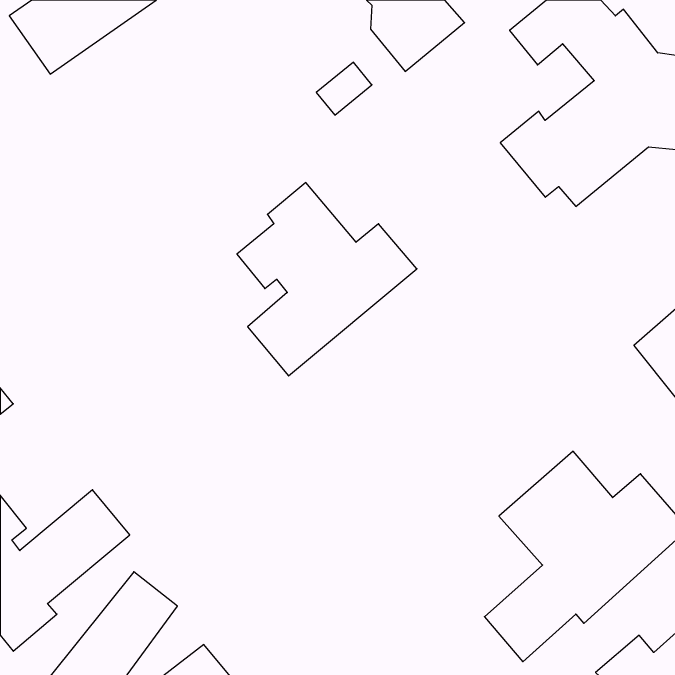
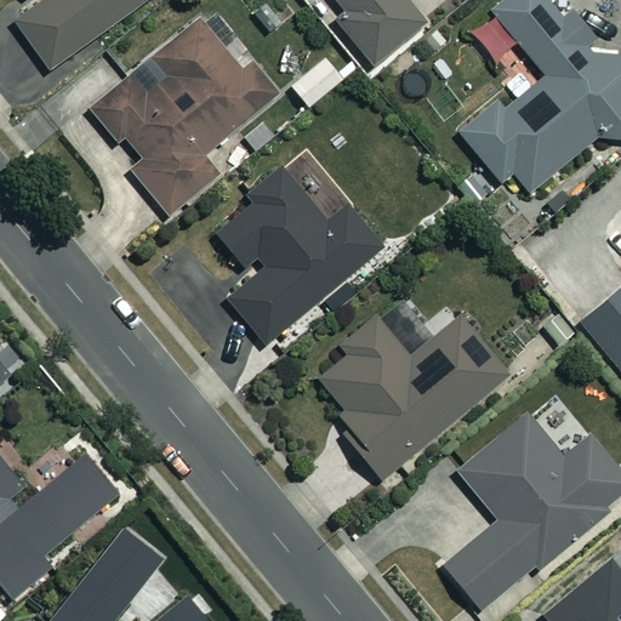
building: none -> [91,21,275,216]
building: none -> [319,314,507,478]

